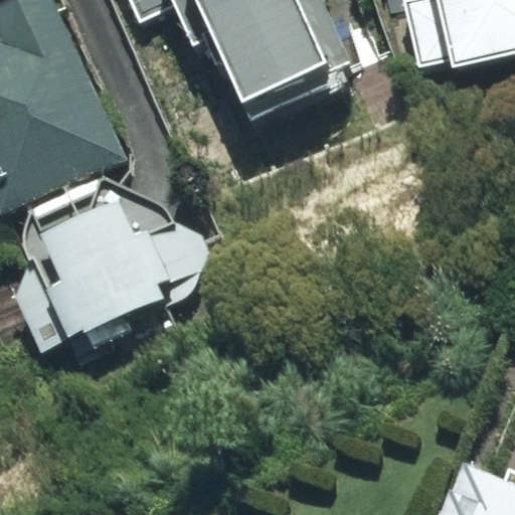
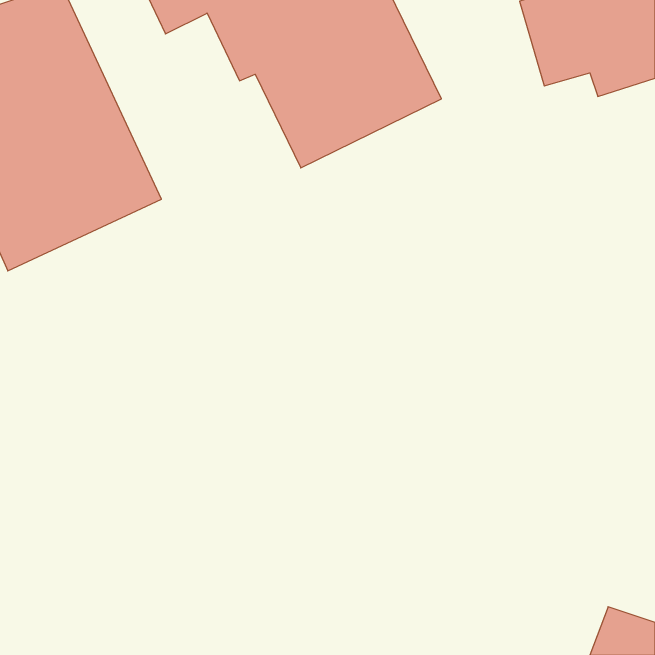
building: [16,190,214,352] -> none

